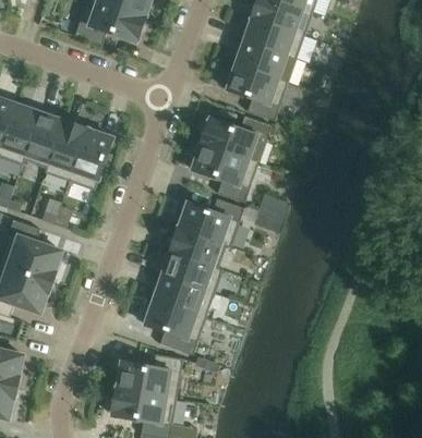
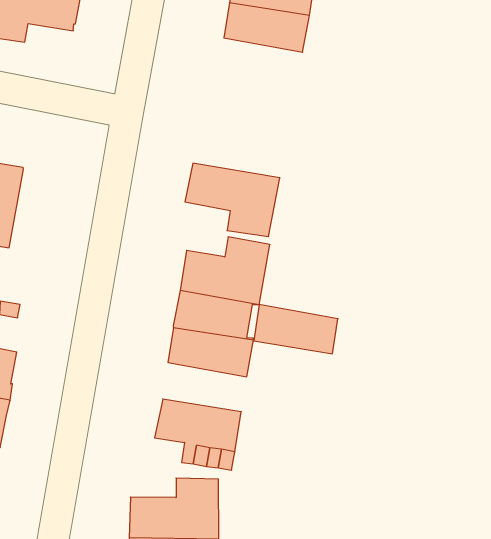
building: [226,63,287,120] -> none
building: [200,115,270,163] -> none
building: [68,129,112,188] -> none
building: [154,275,213,316] -> [254,304,338,354]

